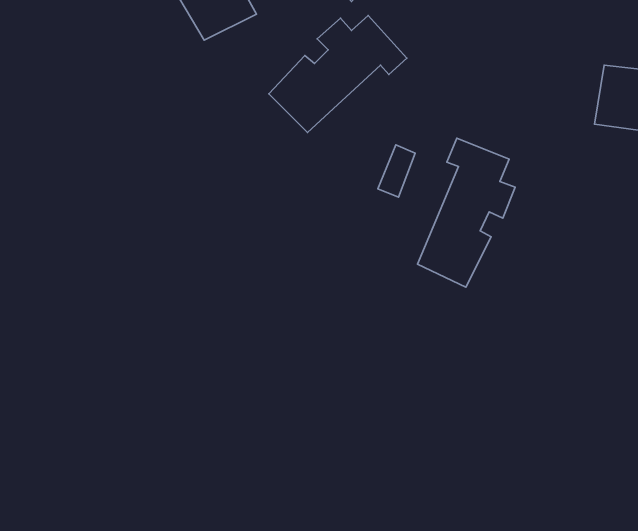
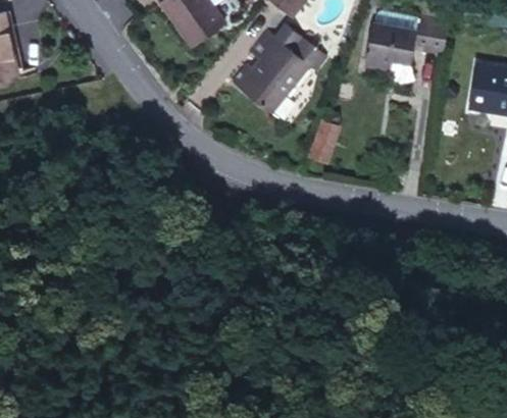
building: none -> [367,18,445,86]
building: [418,138,515,287] -> none

